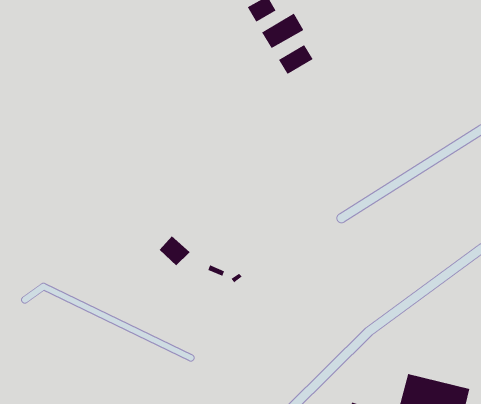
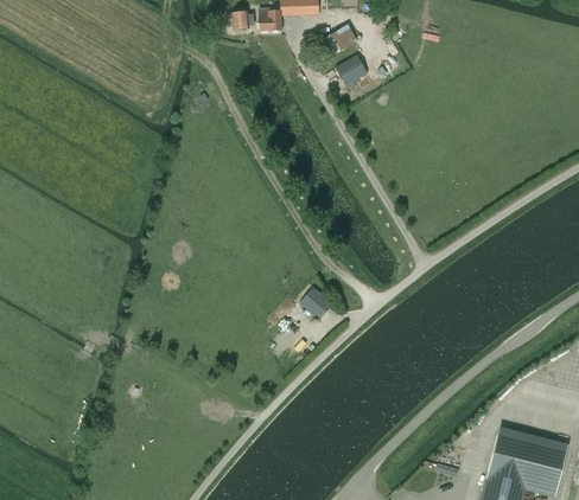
building: [278,44,313,75] -> none
building: [159,236,191,266] -> [299,288,333,321]

